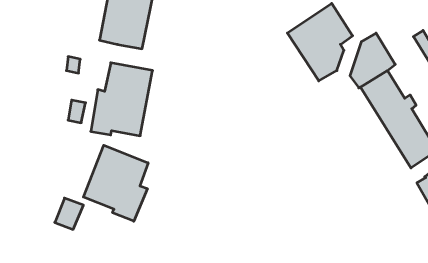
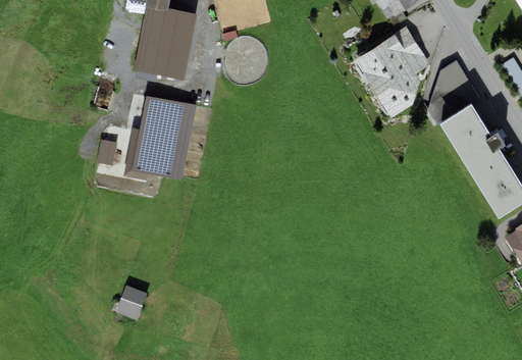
building: [83,145,148,221] -> none
building: [55,198,83,229] -> [115,285,149,321]

